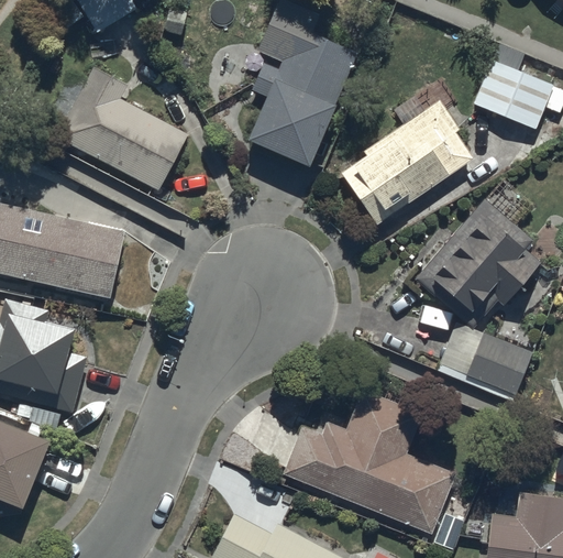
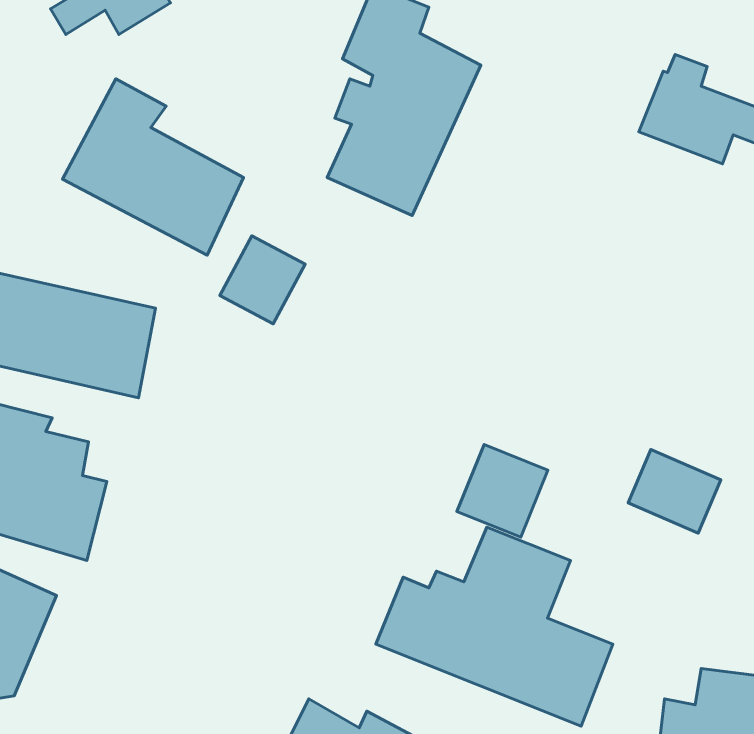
building: [344,100,471,220] -> none
building: none -> [220,236,305,324]
building: [416,200,541,329] -> none
building: none -> [457,445,548,537]

